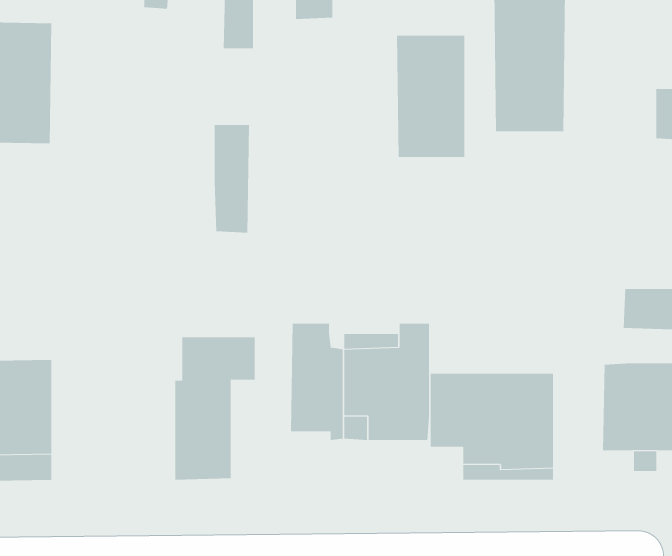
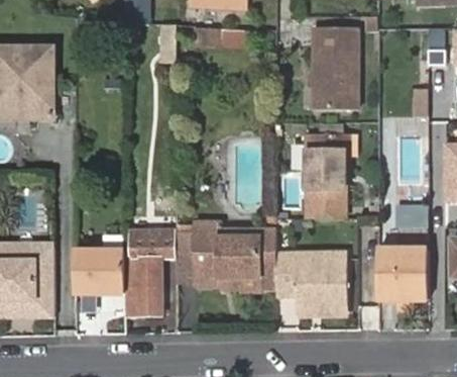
building: [396,35,465,157] -> [305,130,345,202]
building: [214,125,250,233] -> [175,222,196,286]
building: none -> [76,247,124,290]

